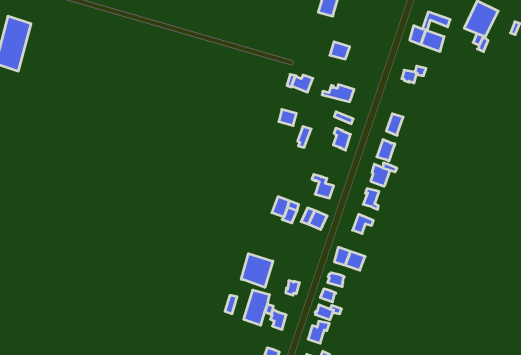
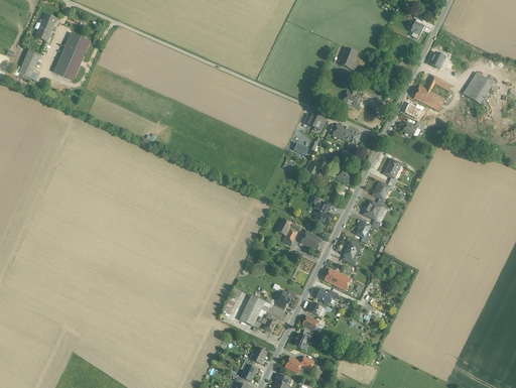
building: [241,254,273,287] -> none

